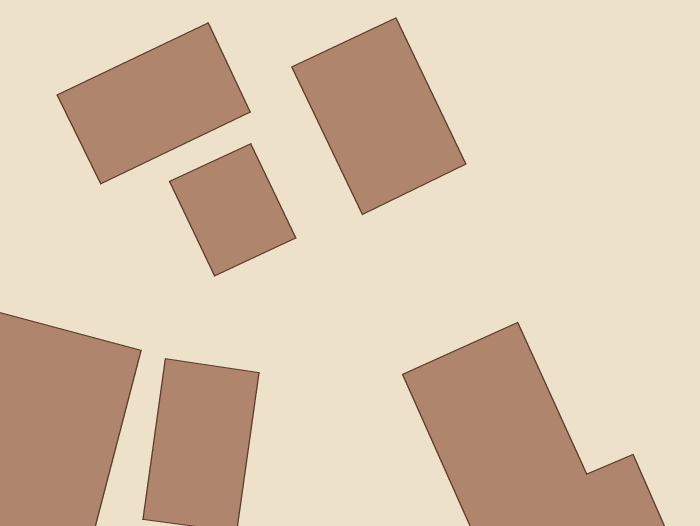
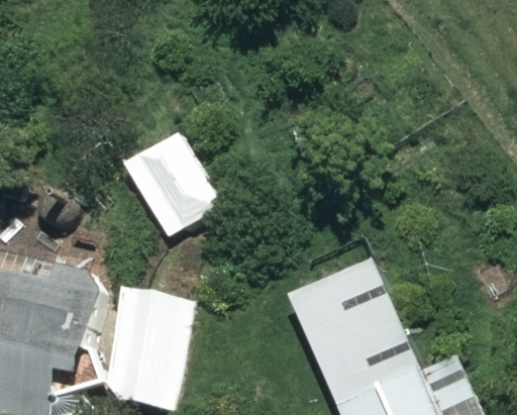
building: [292,18,466,215] -> none
building: [57,23,250,184] -> none

